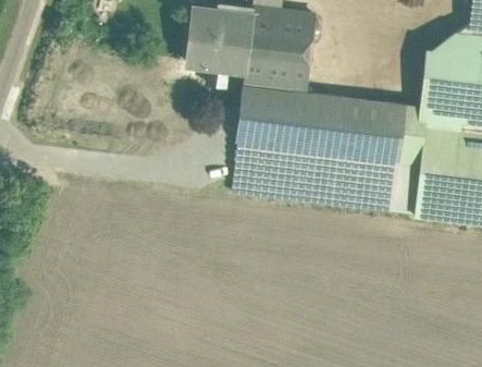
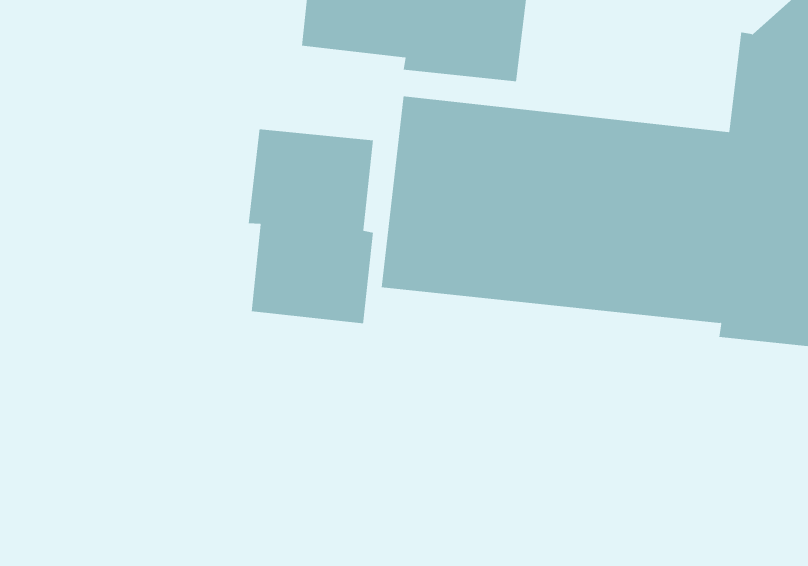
building: none -> [248,128,374,324]

